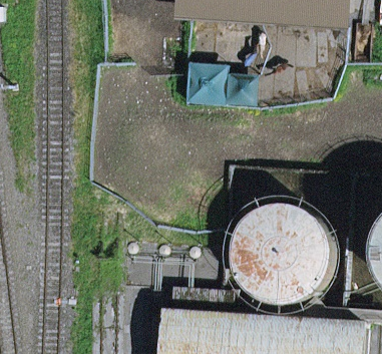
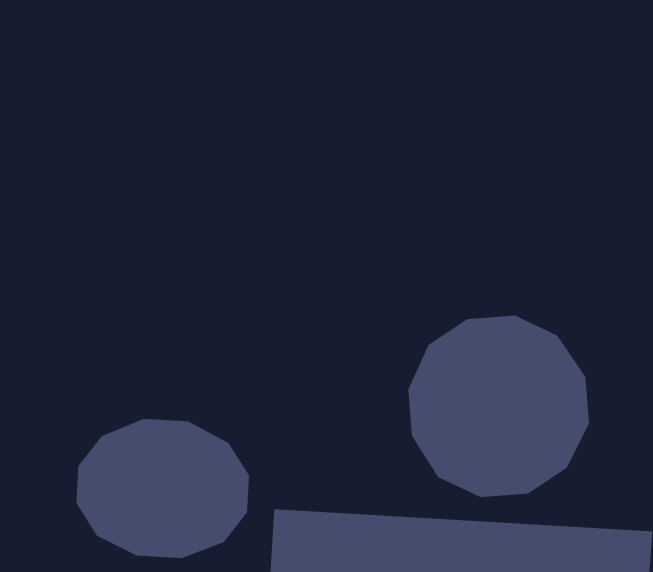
building: none -> [76,418,250,559]

